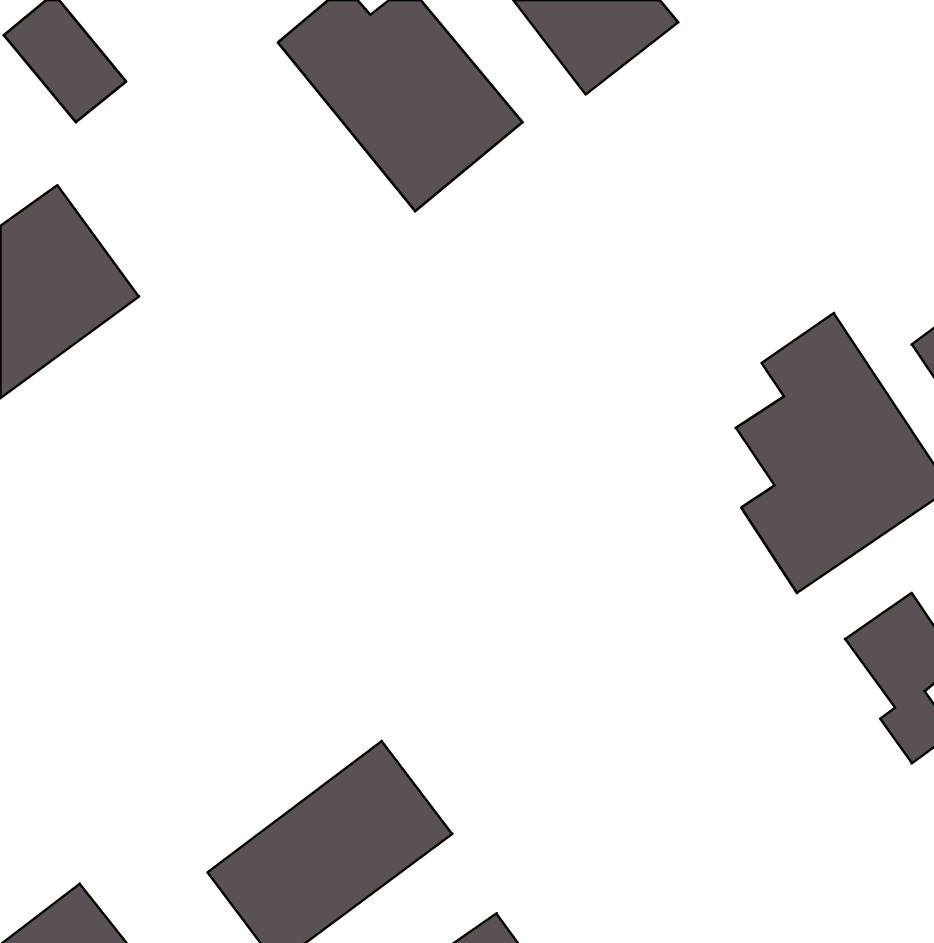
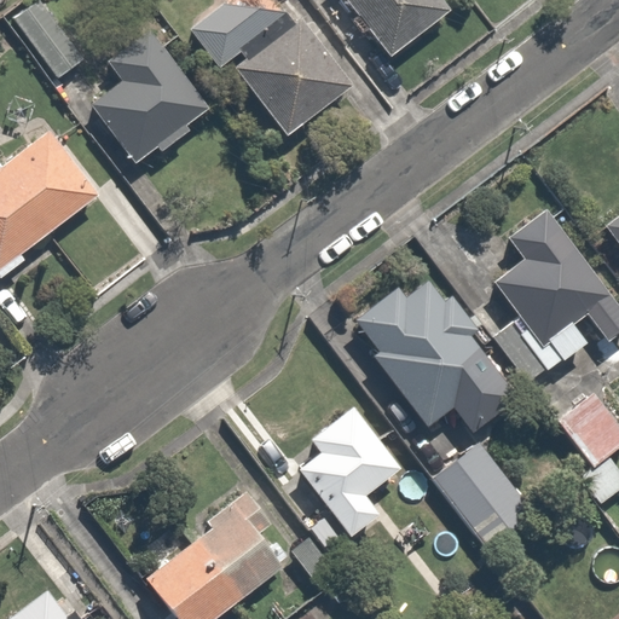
building: none -> [89,30,215,167]
building: none -> [349,272,516,428]
building: none -> [283,403,406,542]
building: none -> [430,440,532,543]

